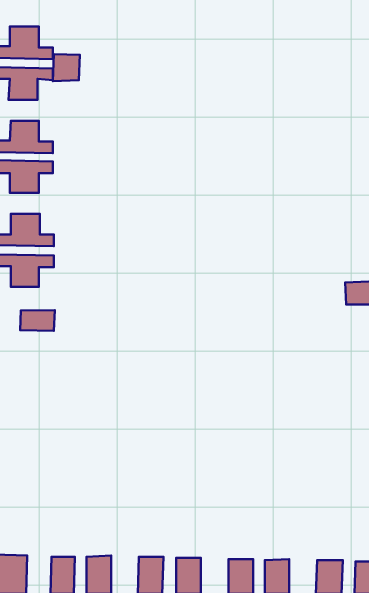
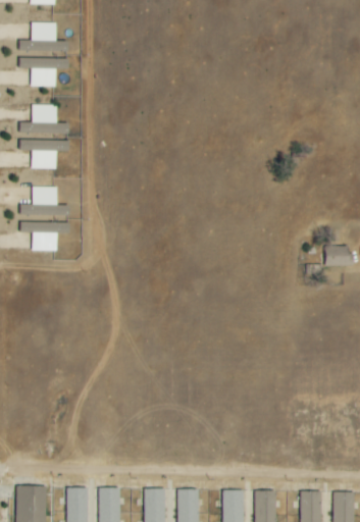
building: [53,54,80,81] -> none
building: [20,310,55,331] -> none

